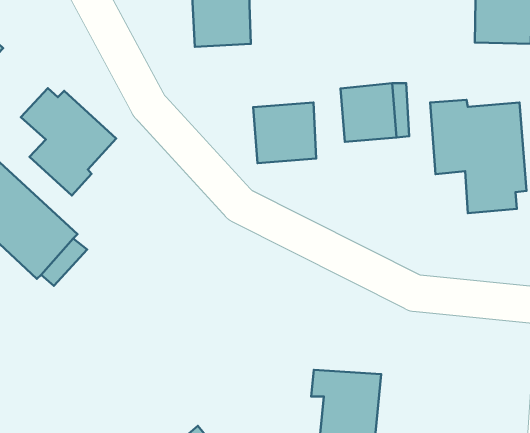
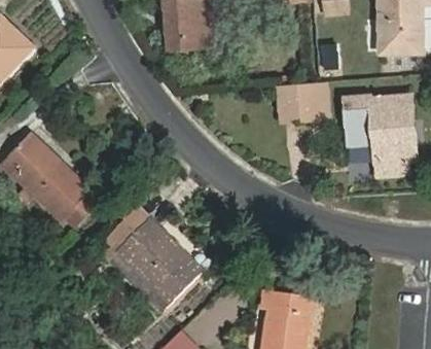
building: [21,88,116,195] -> none
building: [253,102,316,163] -> none
building: none -> [110,218,201,306]

